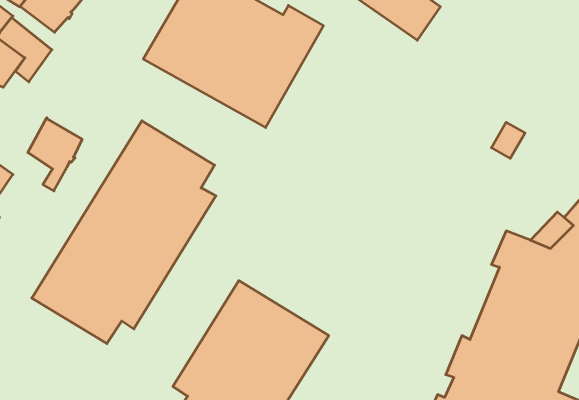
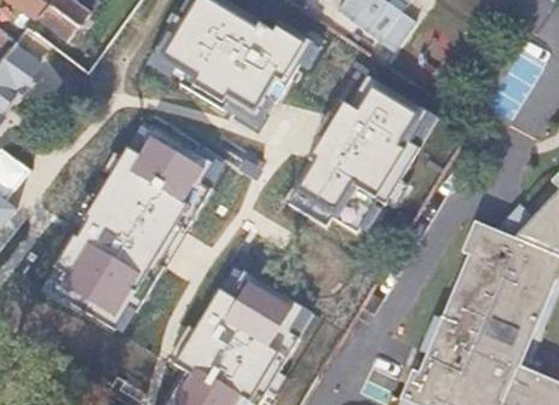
building: none -> [286,75,436,235]
building: [28,118,82,191] -> none

